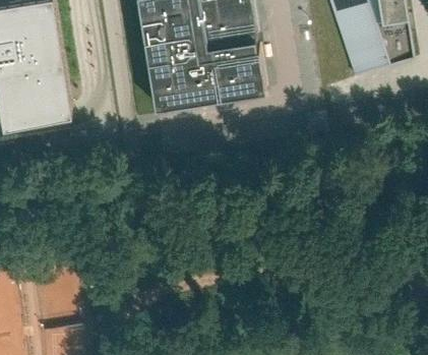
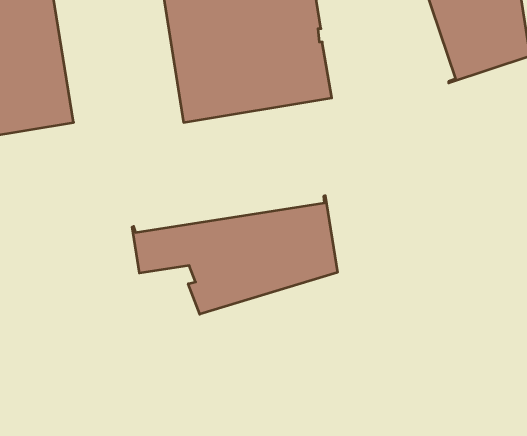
building: none -> [132,196,337,314]

